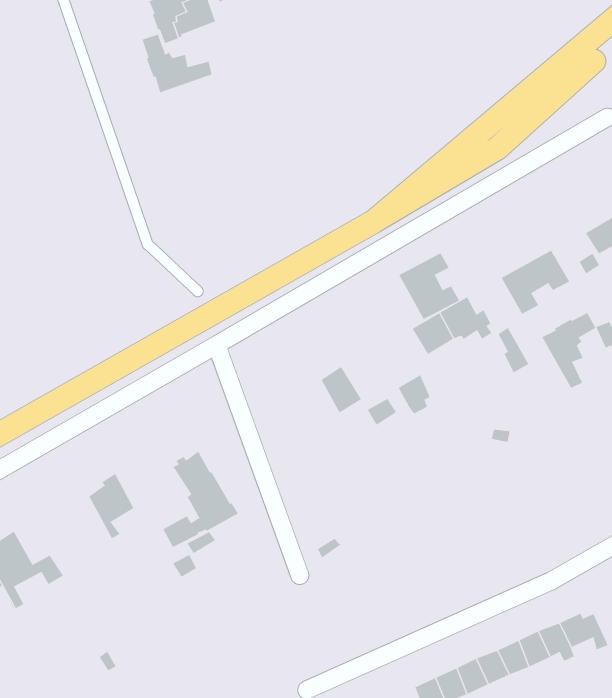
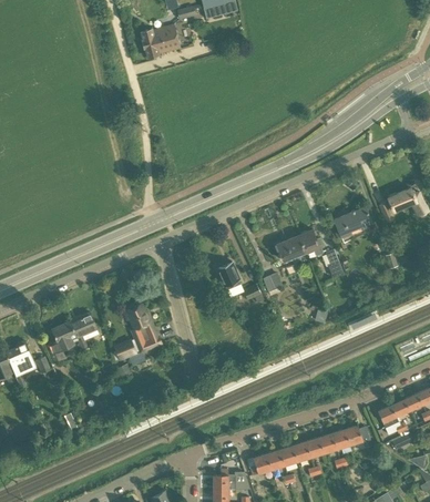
building: [142,34,212,93] -> none
building: [398,252,460,320] -> none
building: [542,312,596,388] -> none
building: none -> [48,320,83,365]

